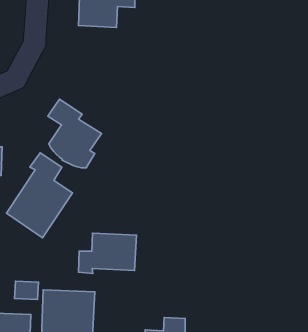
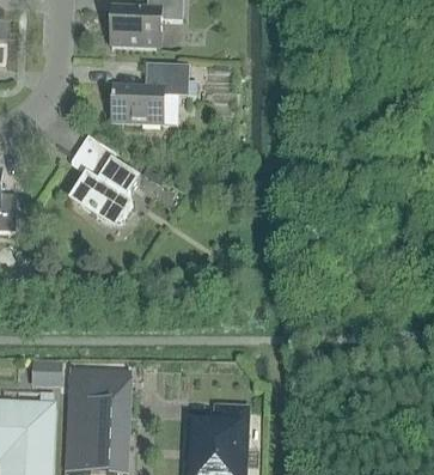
building: none -> [112,62,189,122]
building: [6,153,73,238] -> none
building: [78,233,137,273] -> none

